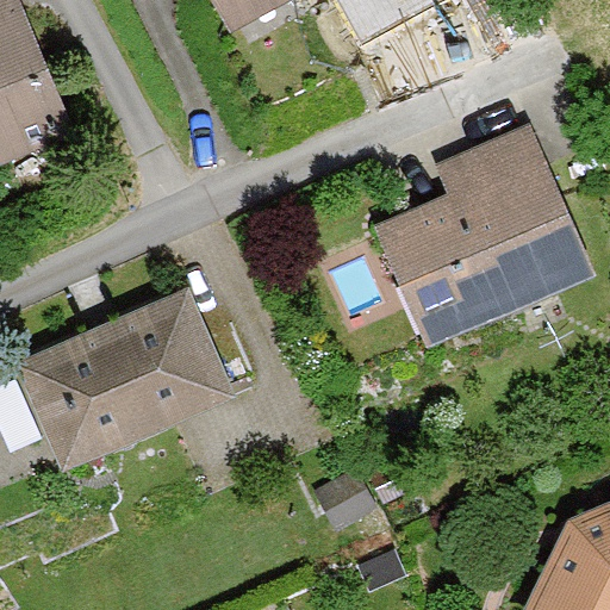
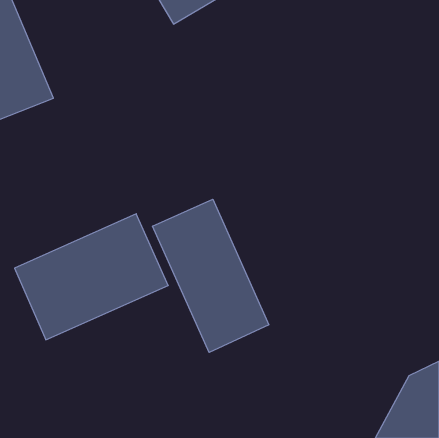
building: [384,129,584,332] -> none
building: none -> [153,199,269,352]

